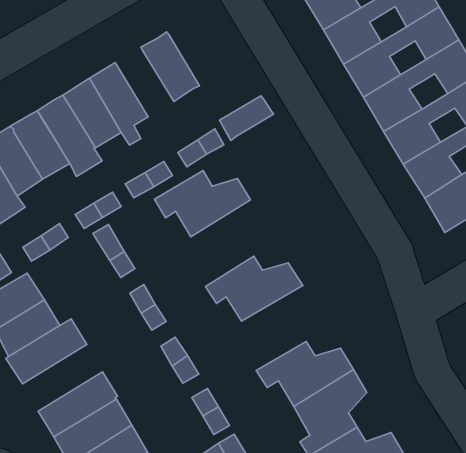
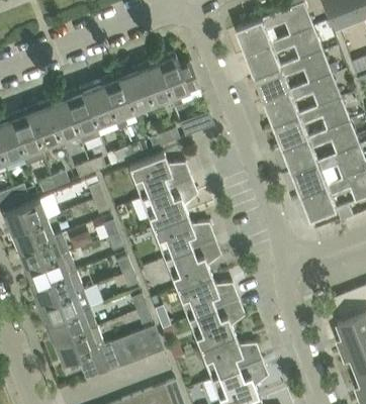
building: none -> [155,55,198,109]
building: none -> [118,69,152,114]
building: none -> [148,179,196,229]
building: none -> [171,239,220,289]
building: none -> [23,255,76,291]

